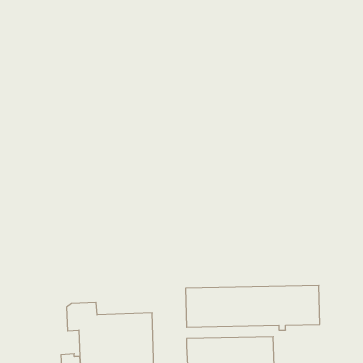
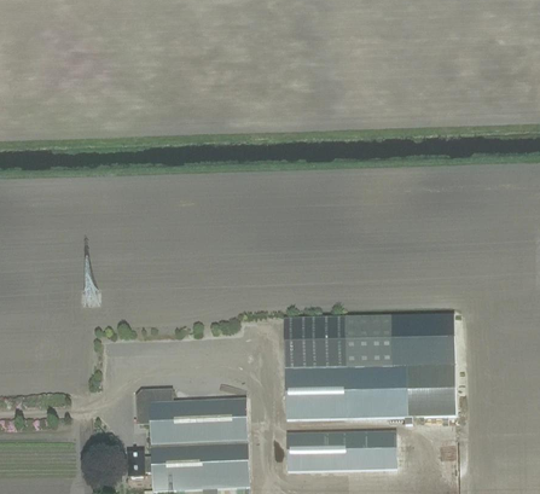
building: none -> [285,314,455,366]

